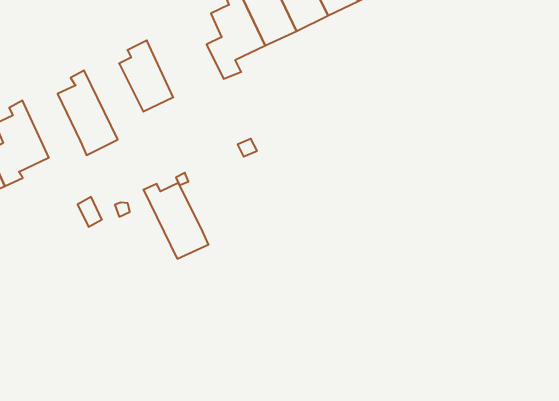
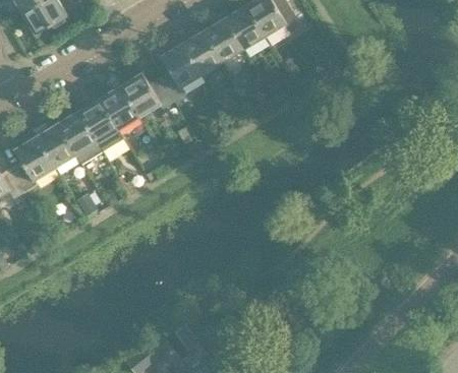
building: none -> [117,73,174,119]
building: none -> [33,124,76,170]
building: [143,183,209,259] -> [74,99,124,152]

